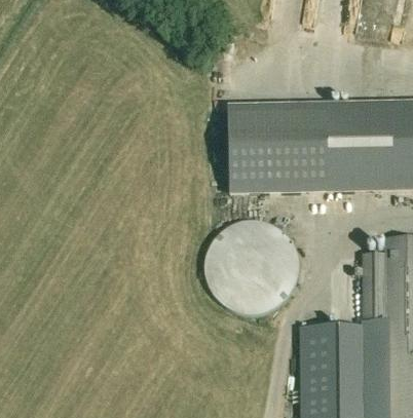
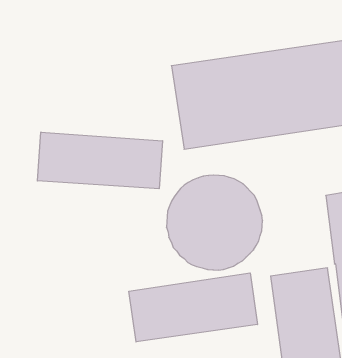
building: none -> [37,132,163,189]
building: none -> [129,273,257,342]

